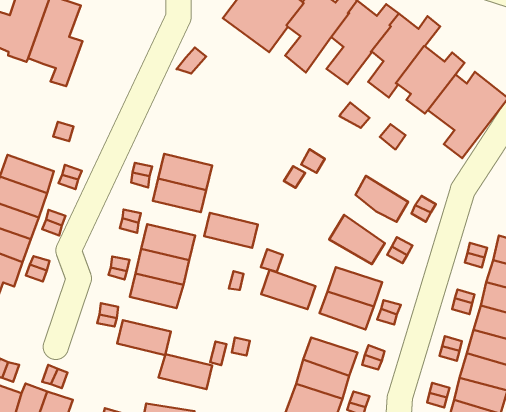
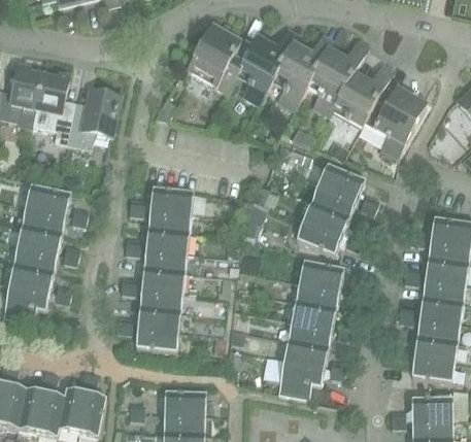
building: none -> [66,89,119,147]
building: none -> [26,183,70,212]
building: none -> [318,164,364,199]
building: none -> [305,199,348,235]
building: [204,213,258,248] -> [146,226,189,249]
building: [261,270,316,309] -> [292,299,335,327]
building: [159,354,212,389] -> [137,306,179,330]

